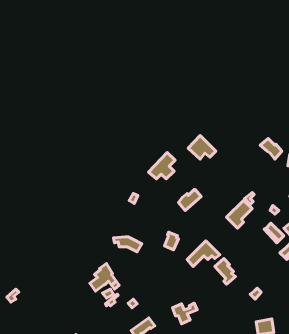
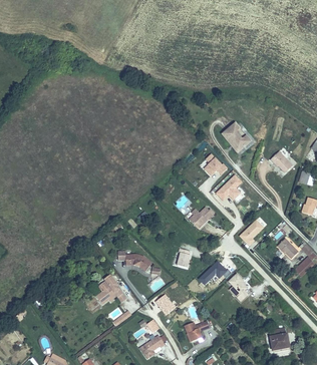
building: none -> [221,120,253,151]
building: [149,152,175,179] -> [216,172,243,200]

